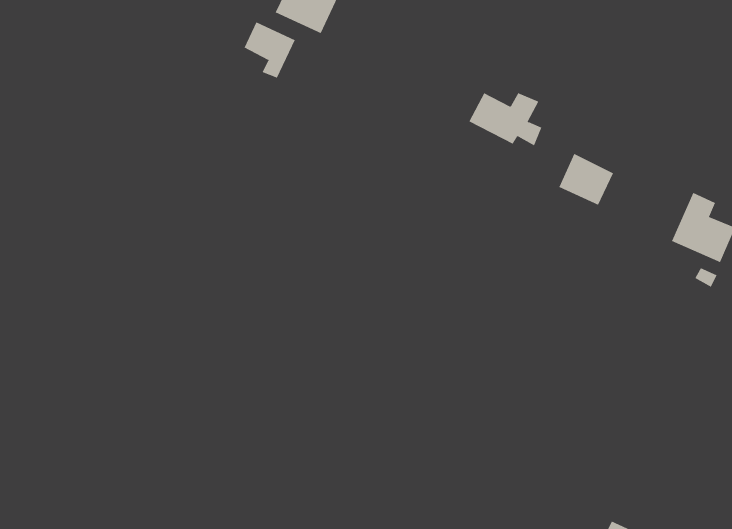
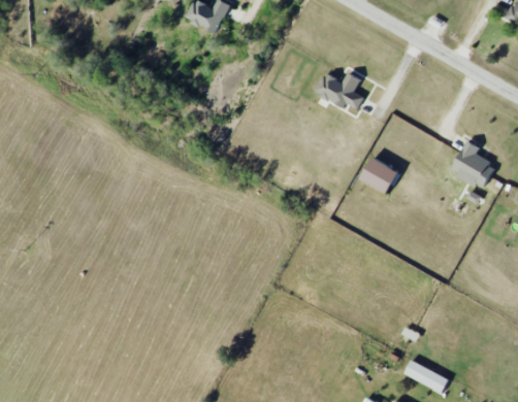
building: [244,21,295,79] -> none
building: [559,153,614,206] -> [360,158,397,193]

